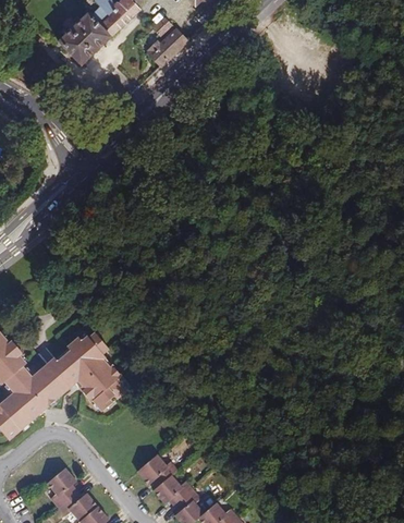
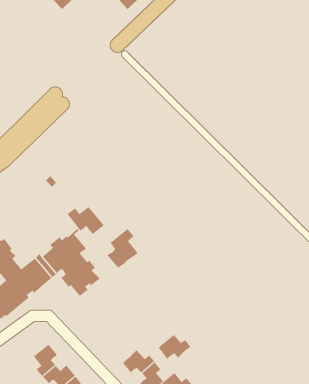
building: none -> [67,206,104,235]
building: none -> [106,228,138,269]
building: [136,454,176,485] -> [158,334,191,359]

